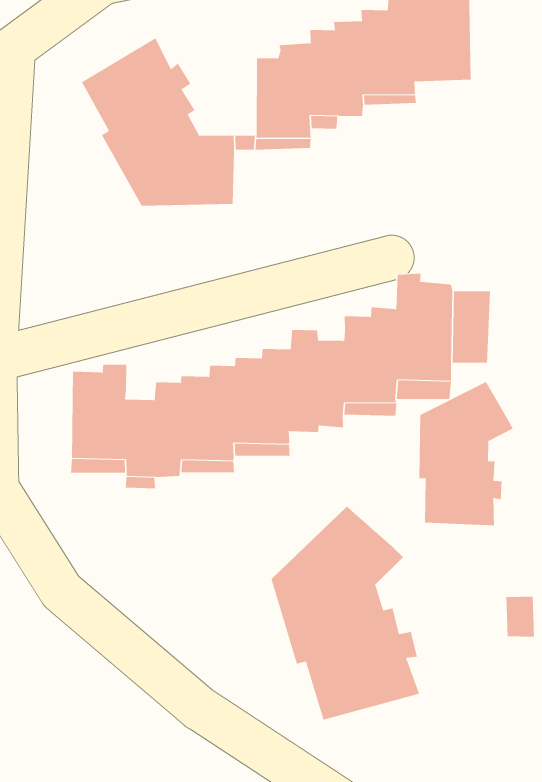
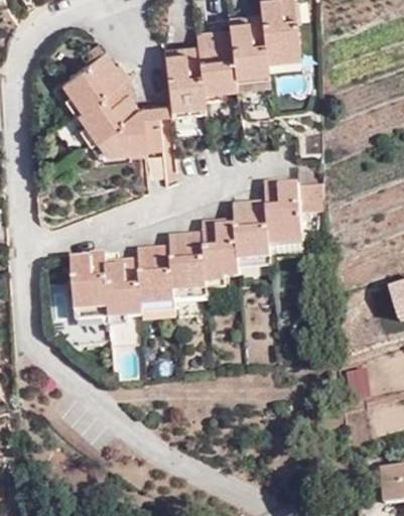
building: [419,381,513,526] -> none
building: [271,506,420,721] -> none

